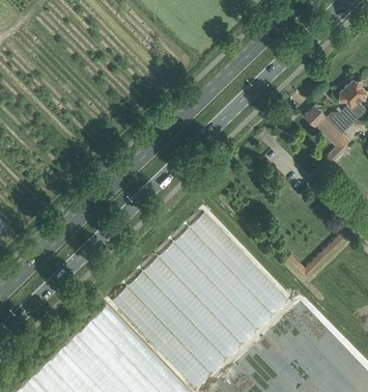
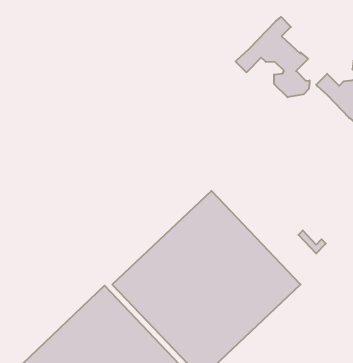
building: none -> [236,17,310,97]

